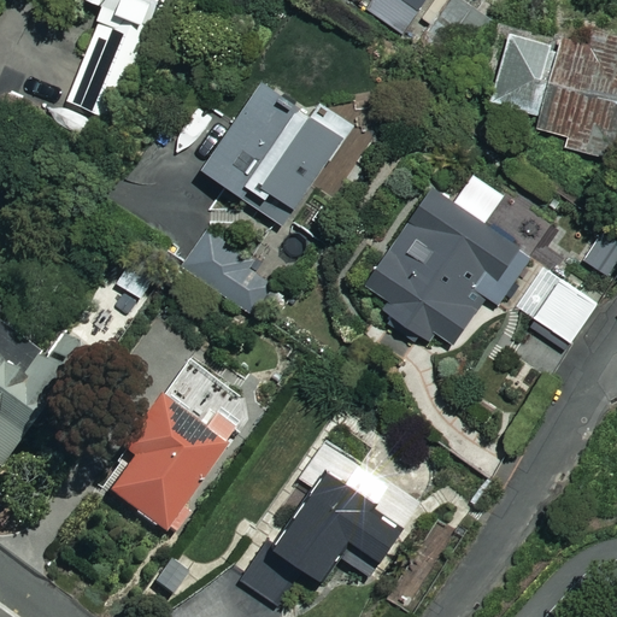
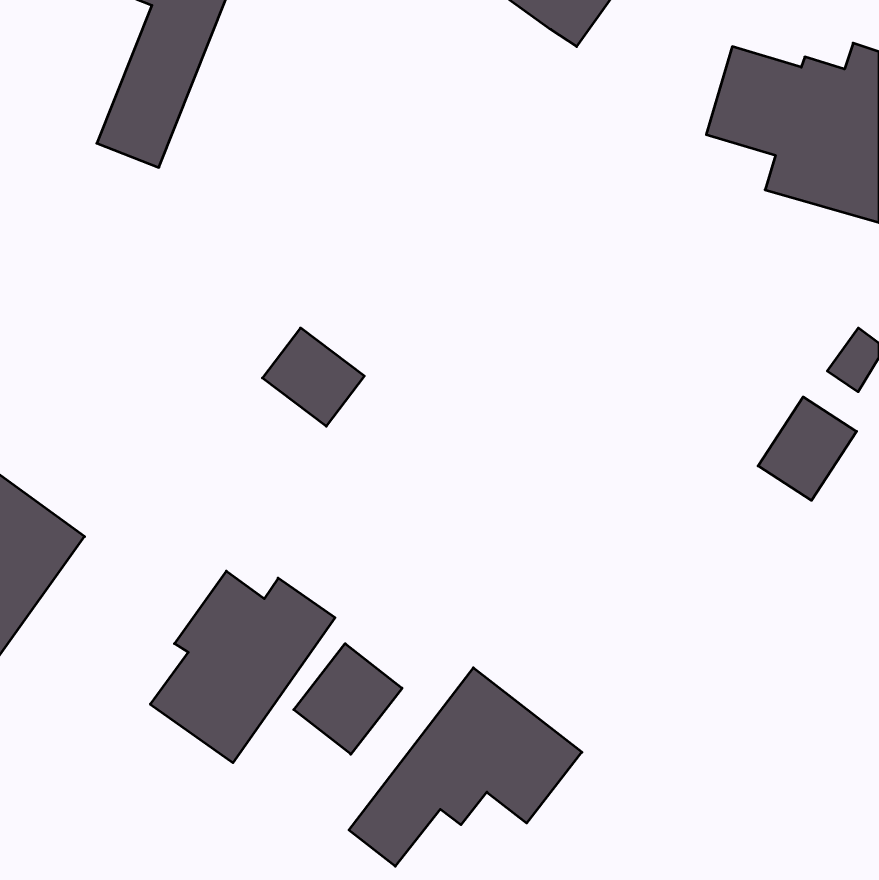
building: [204,82,354,224] -> none
building: [365,186,521,345] -> none
building: none -> [294,644,402,754]

